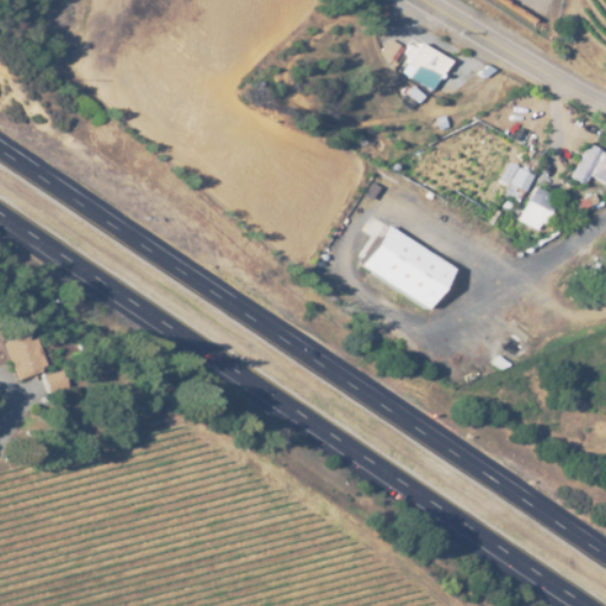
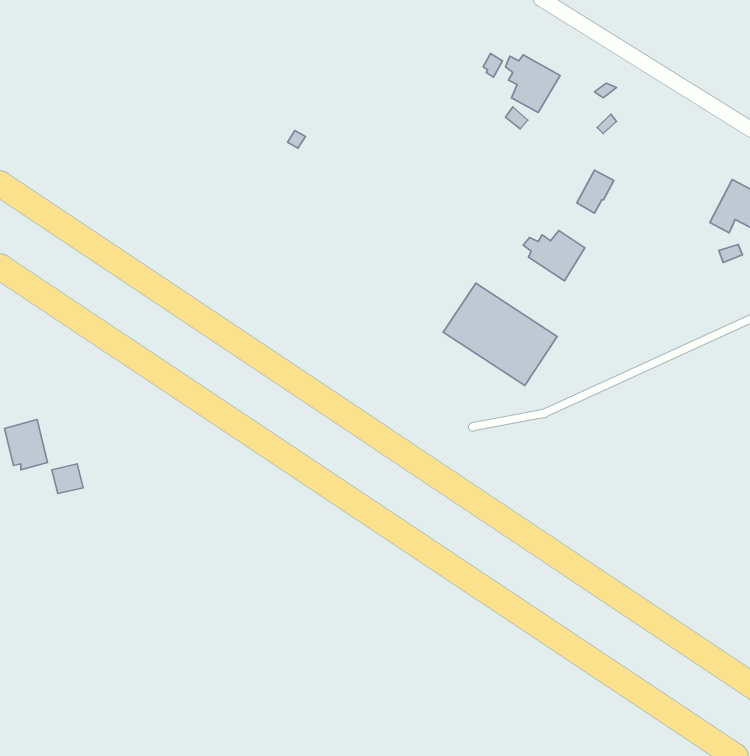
building: [507,168,536,202] -> [577,170,614,213]
building: none -> [523,231,585,281]
building: [520,186,555,231] -> none

